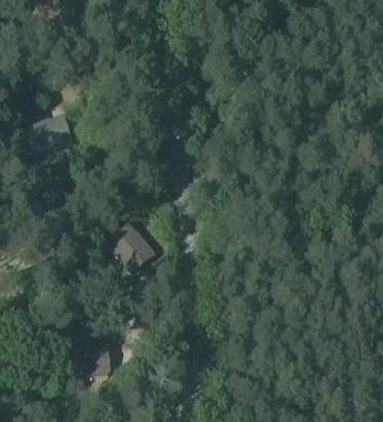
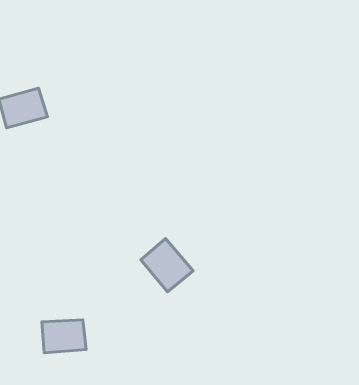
building: [105,222,157,275] -> [141,239,193,292]

